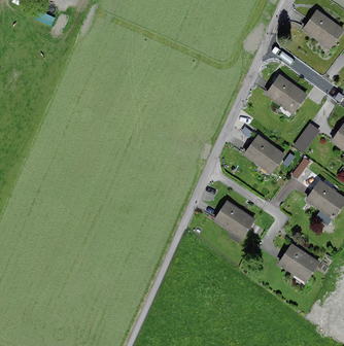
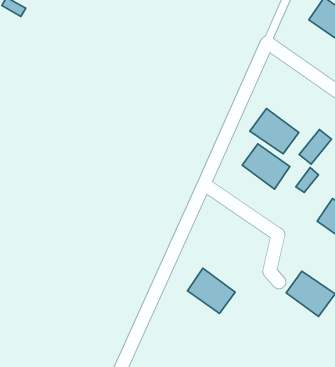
building: [265,75,307,114] -> [250,109,299,154]
building: [211,200,252,239] -> [188,268,235,314]

